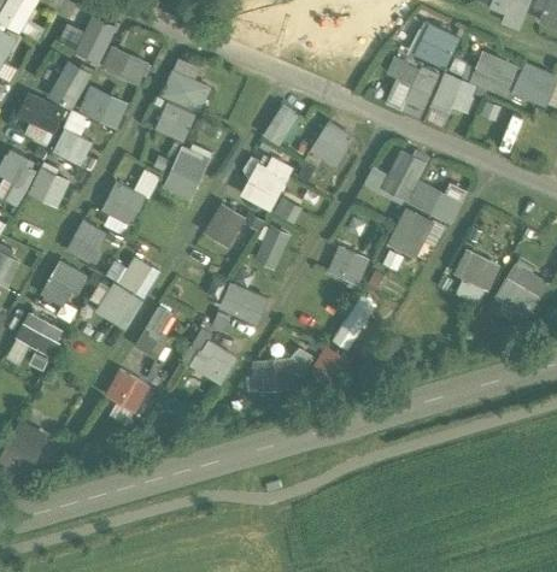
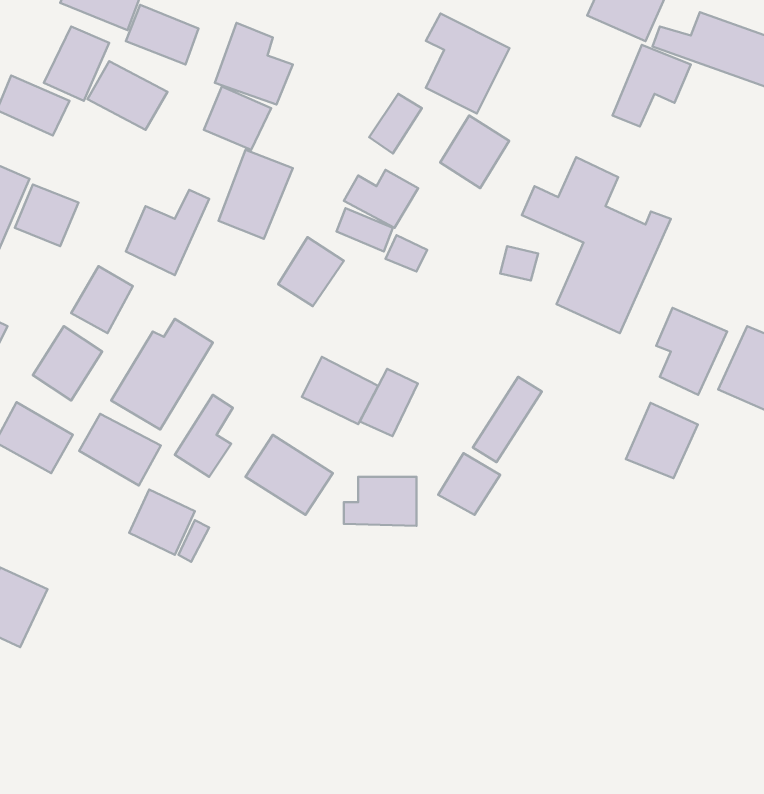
building: [386,53,441,119] -> [426,14,509,113]
building: [51,128,92,167] -> none
building: [252,224,291,269] -> [360,369,418,436]
building: [326,244,370,285] -> none
building: none -> [626,403,698,478]
building: none -> [79,414,161,485]

